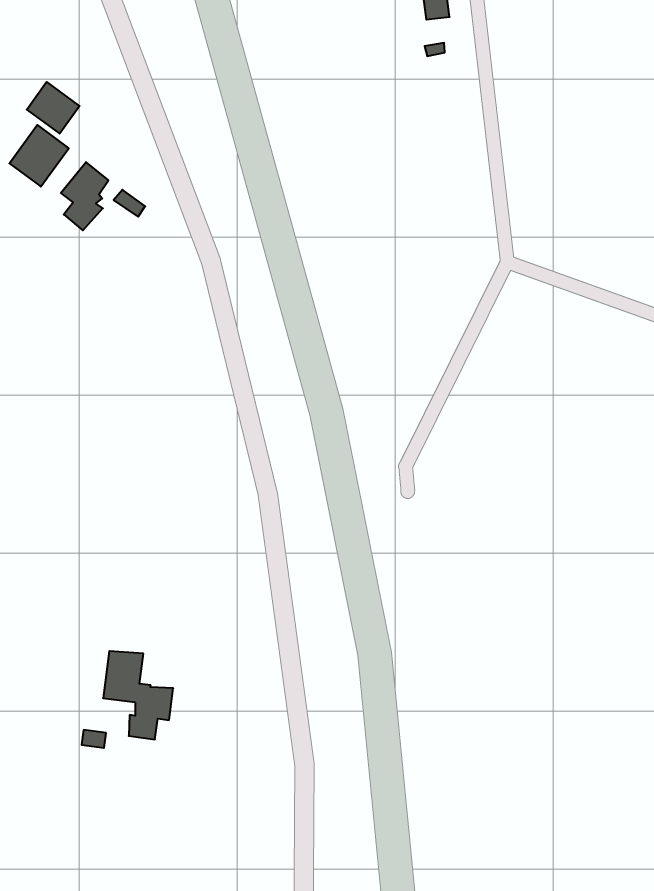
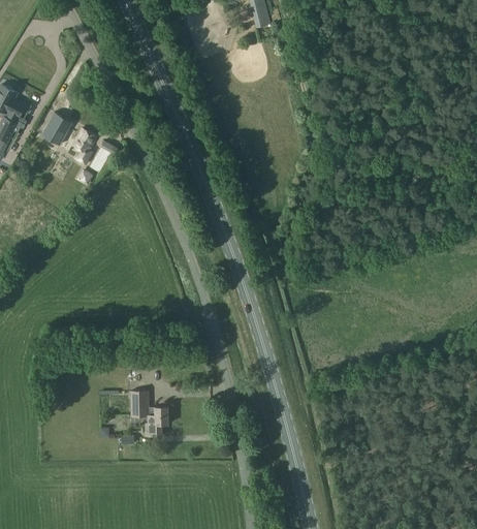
building: [27,82,80,134] -> none

